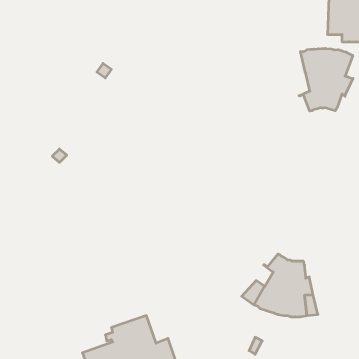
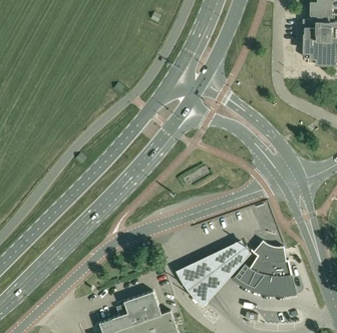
building: [299,48,353,111] -> none
building: none -> [176,238,251,306]

